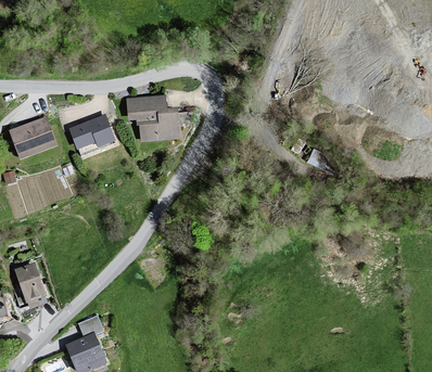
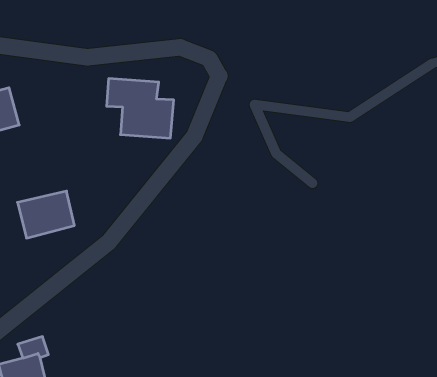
building: [67,114,116,156] -> [17,191,74,238]

